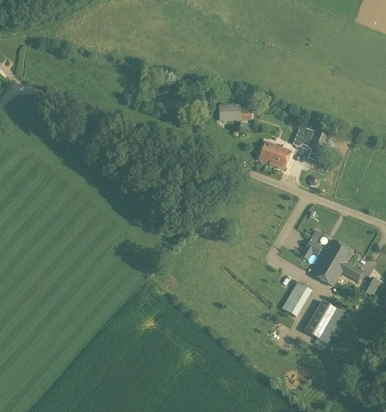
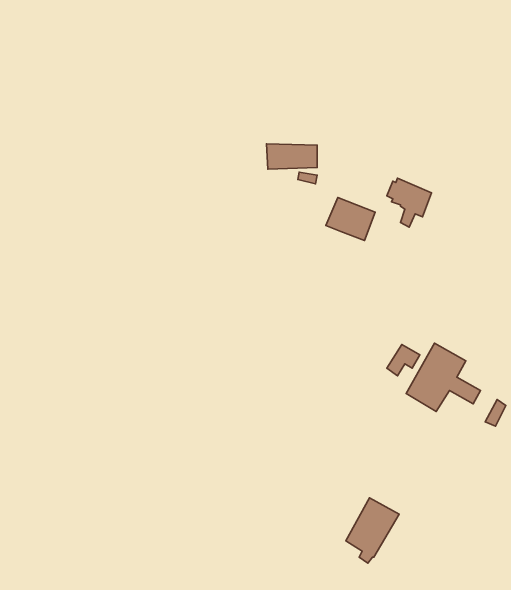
building: [280,282,309,316] -> none
building: [304,301,340,345] -> [346,498,399,563]

